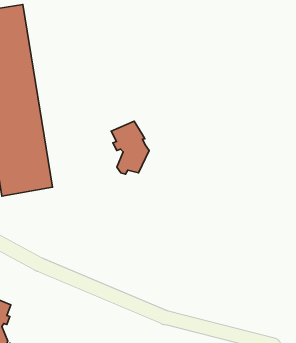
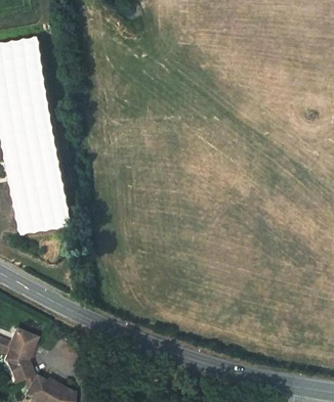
building: [111,121,149,174] -> none

